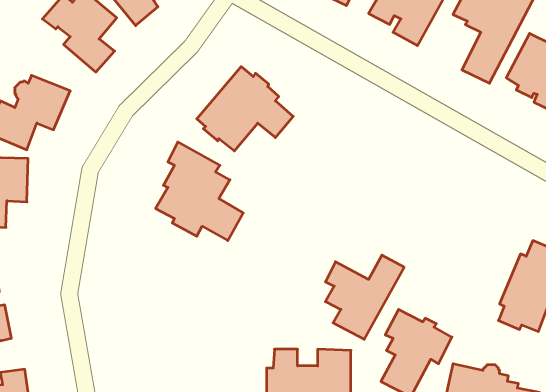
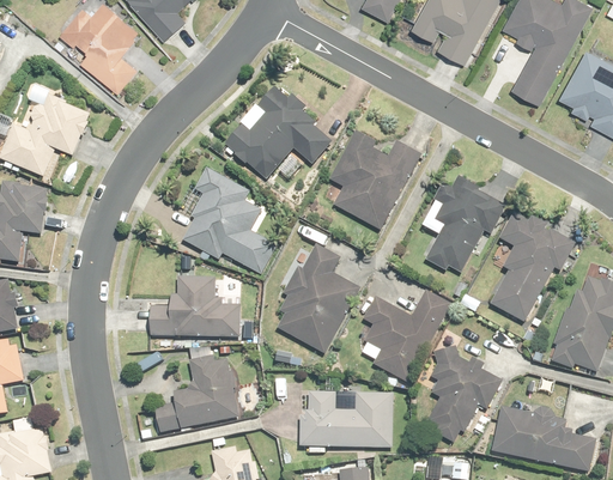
building: none -> [330,132,420,229]
building: none -> [421,181,506,273]
building: none -> [491,212,575,321]
building: none -> [278,244,359,352]
building: none -> [150,275,239,339]
building: none -> [156,357,241,431]

